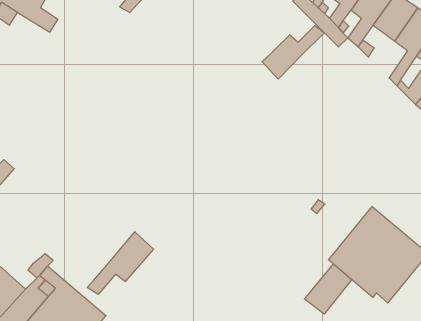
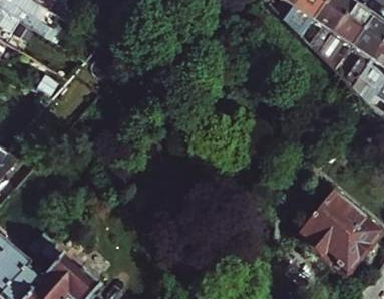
building: [262,25,324,79] -> none
building: [87,232,154,294] -> none
building: [304,264,352,314] -> none

